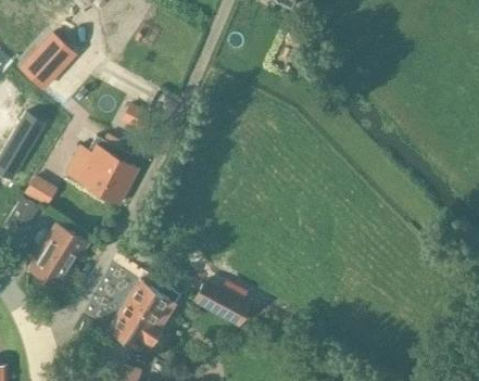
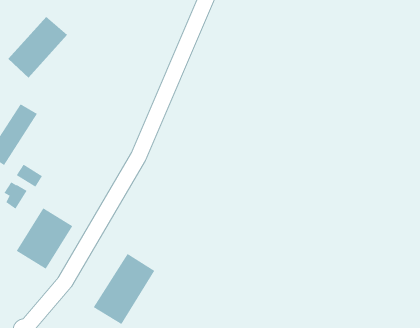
building: [56,136,137,204] -> none
building: [193,280,241,320] -> none

